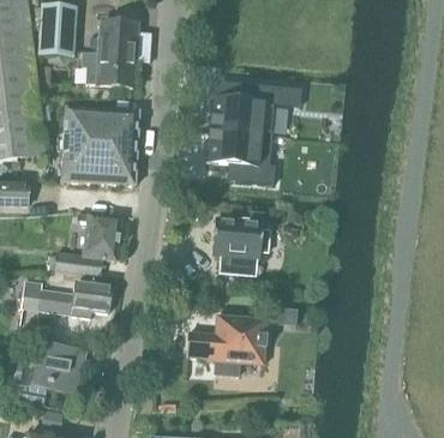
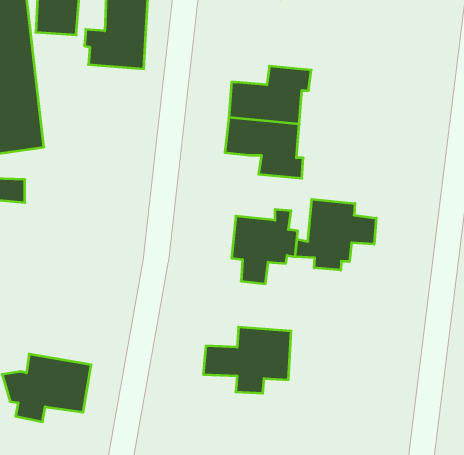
building: [61,106,140,185] -> none
building: none -> [295,199,376,270]
building: [55,212,122,277] -> none
building: [20,278,112,317] -> none

